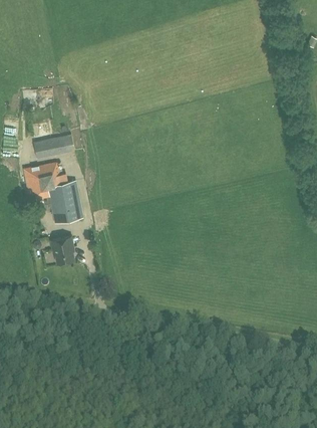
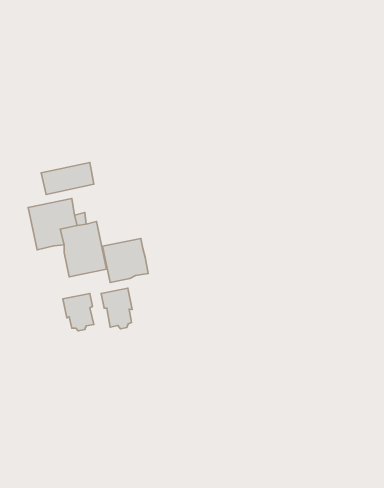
building: none -> [102,238,148,283]
building: none -> [101,288,132,329]

